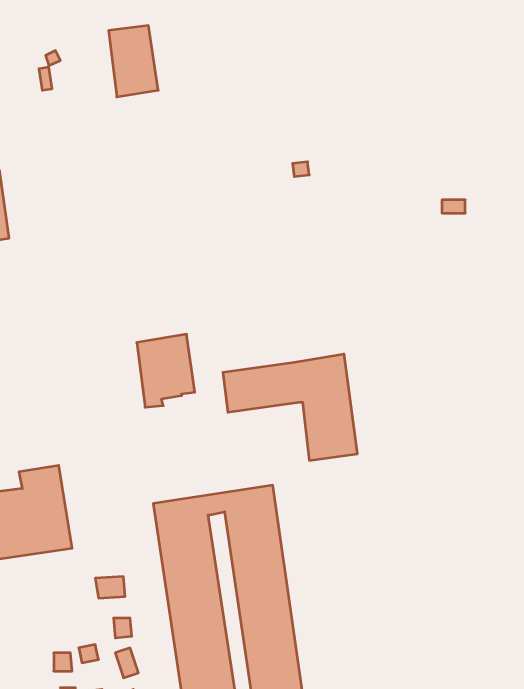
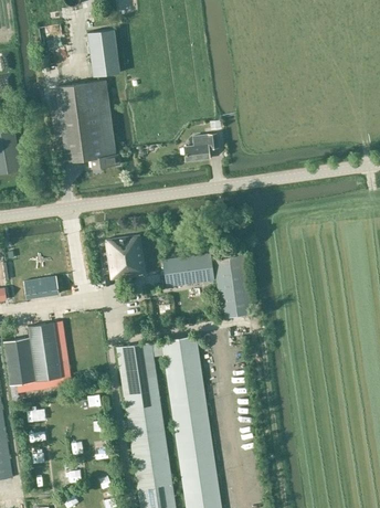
building: none -> [56,81,120,169]
building: none -> [184,135,219,161]
building: none -> [23,277,60,299]

